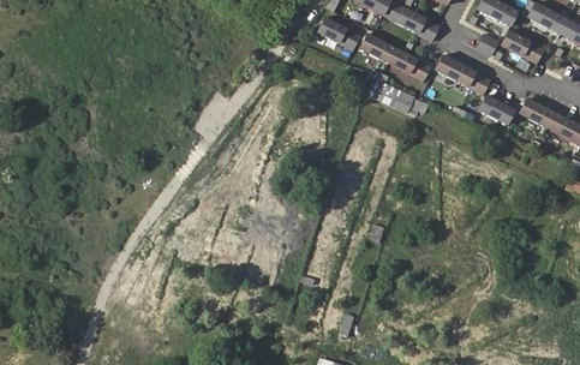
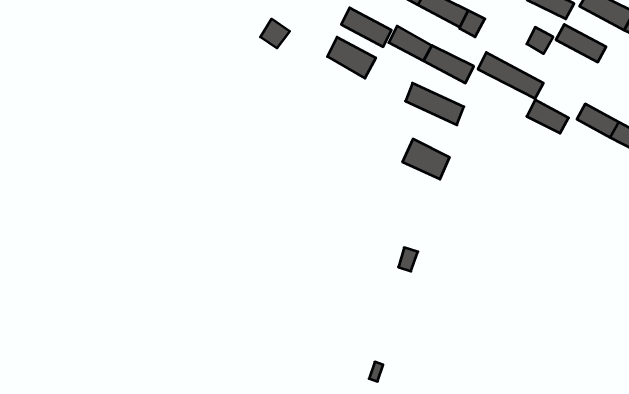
building: none -> [327,37,376,78]
building: none -> [403,139,449,179]

